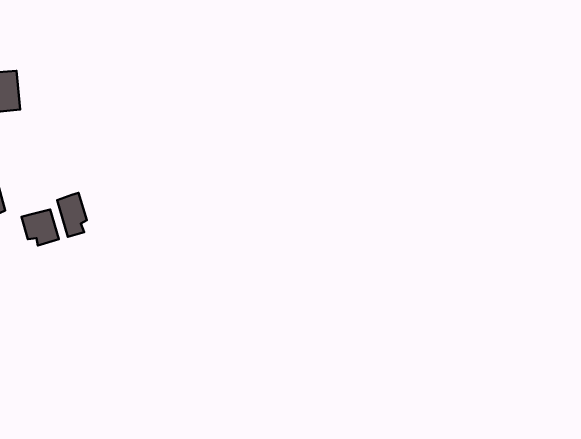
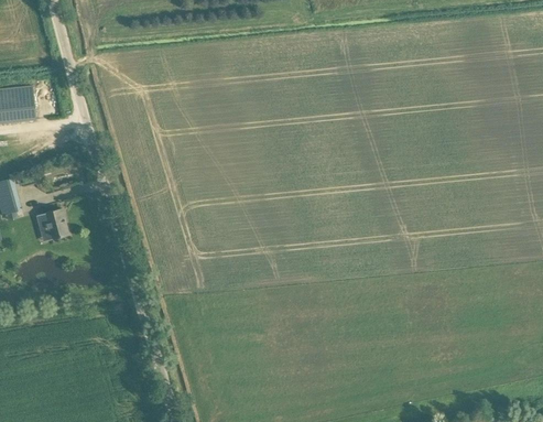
building: [57,193,87,237] -> none

